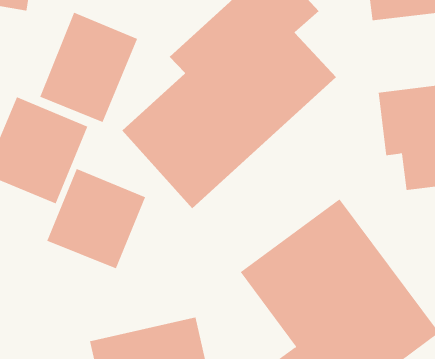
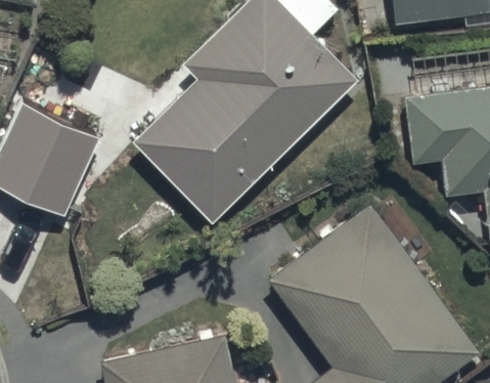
building: [39,12,138,123] -> none
building: [46,168,146,269] -> none

